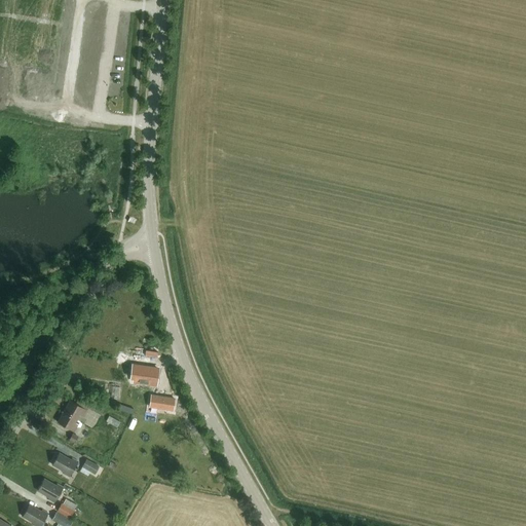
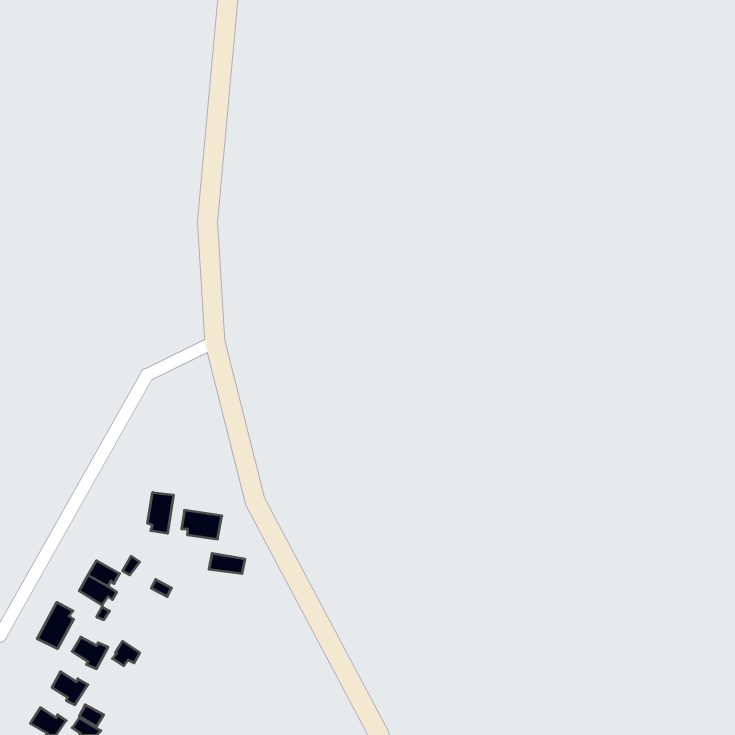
building: none -> [148,492,173,533]
building: none -> [37,602,74,649]

